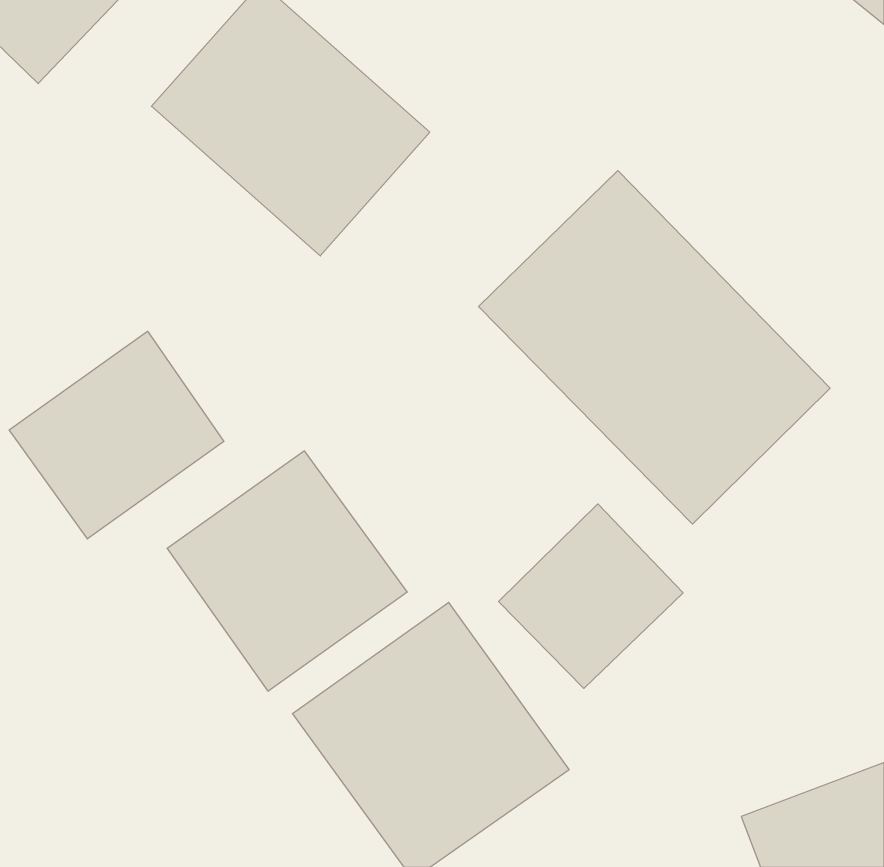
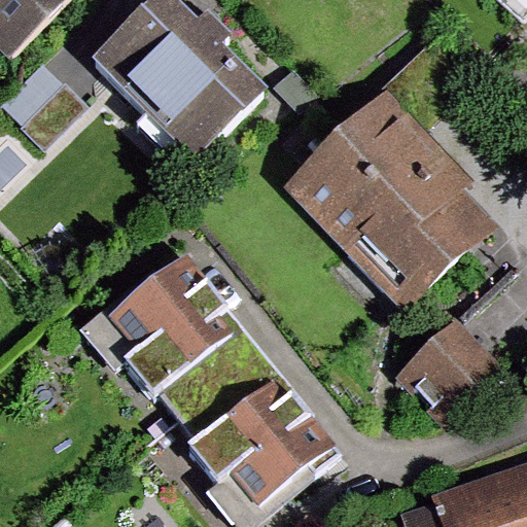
building: [9,331,224,539] -> none
building: [499,504,683,688] -> [399,316,508,425]

